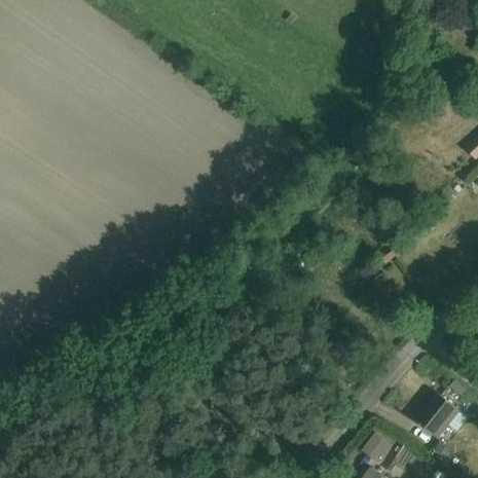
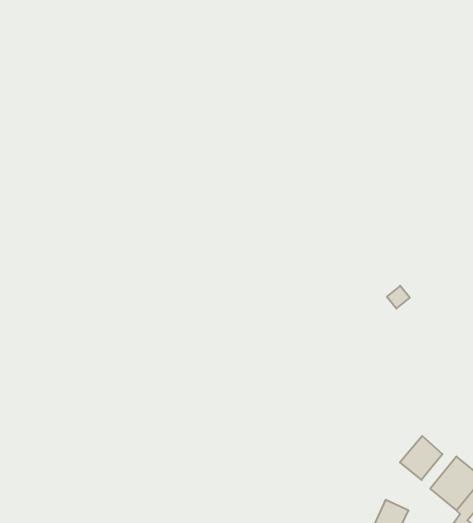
building: none -> [400,436,443,480]

